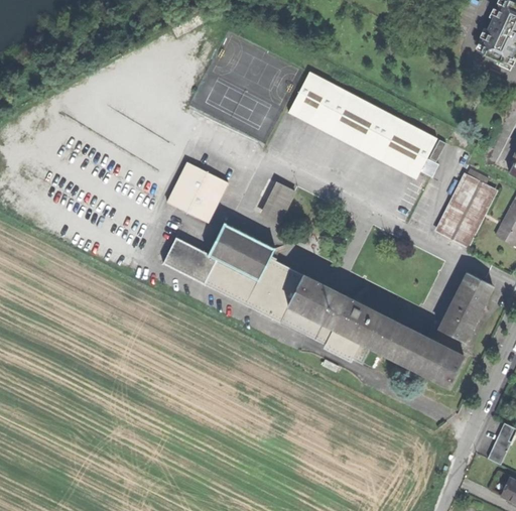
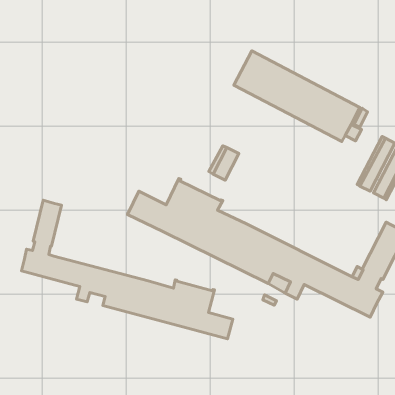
building: [167,162,229,224] -> none
building: none -> [21,200,233,339]

